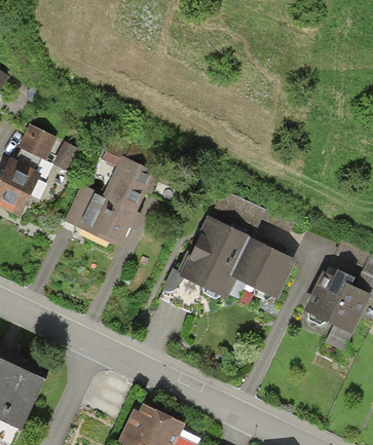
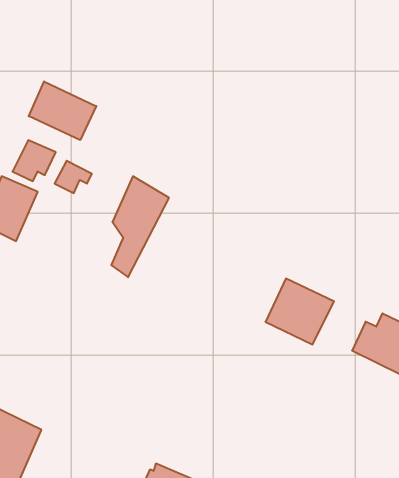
building: none -> [29,81,96,140]
building: [70,185,112,233] -> none
building: [183,225,251,300] -> none

